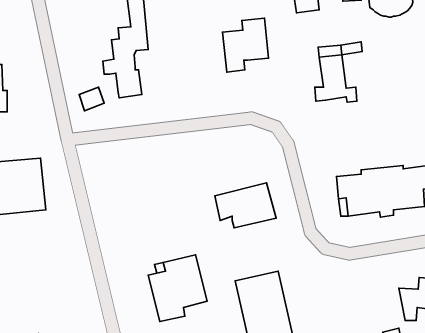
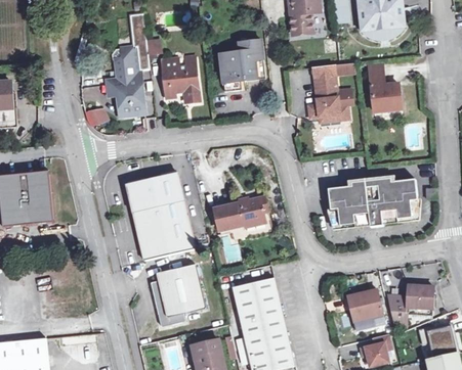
building: none -> [161,54,200,100]
building: none -> [369,63,401,110]
building: none -> [126,173,195,260]
building: none -> [347,288,386,330]

